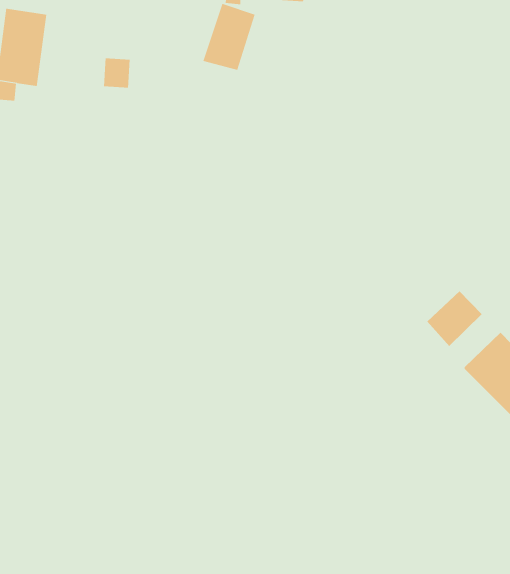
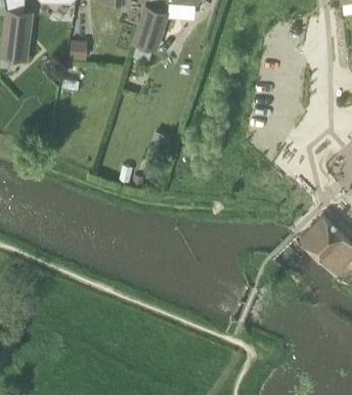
building: [426,291,482,347] -> none

